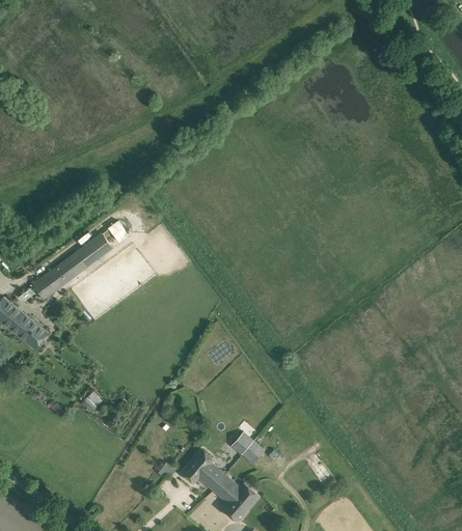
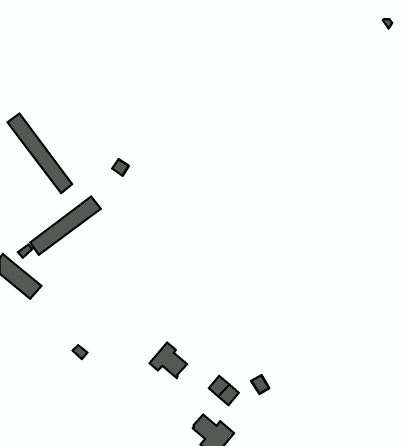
building: none -> [7,114,72,193]
building: [184,451,225,491] -> [149,342,187,378]

